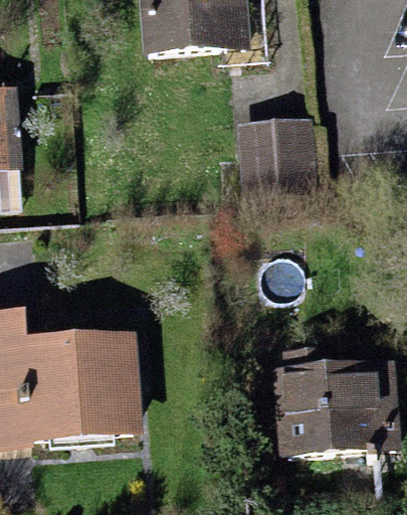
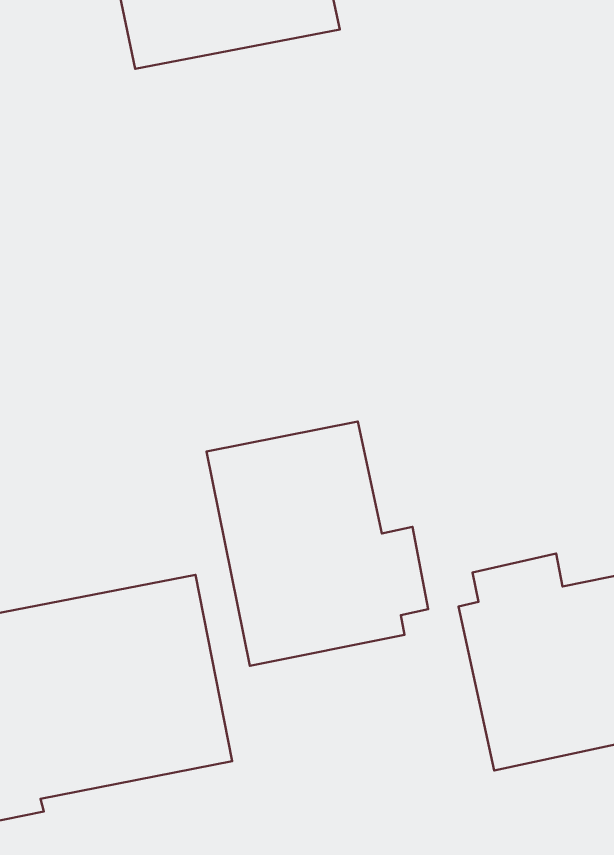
building: [237,118,318,197] -> none
building: none -> [206,422,428,666]

